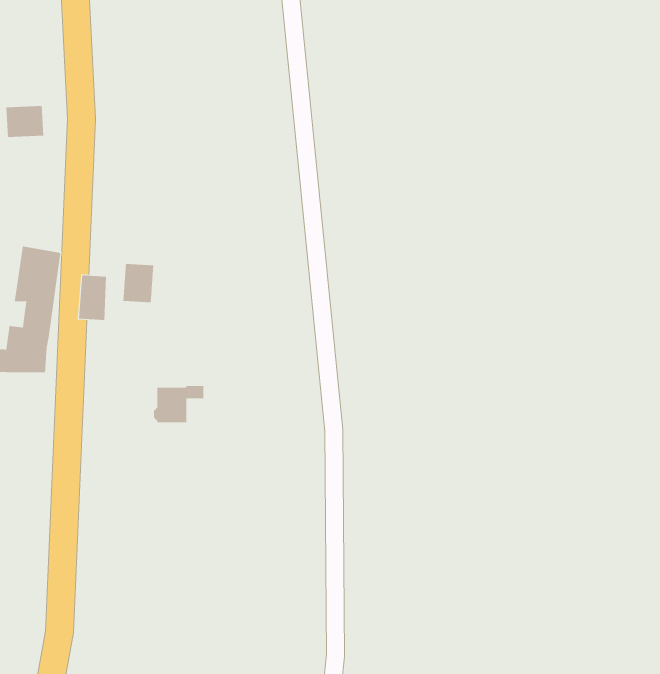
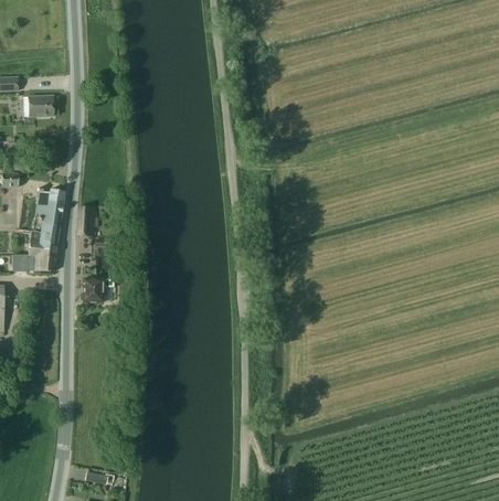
building: [123,263,154,303] -> none
building: [153,385,204,423] -> [81,278,114,302]

